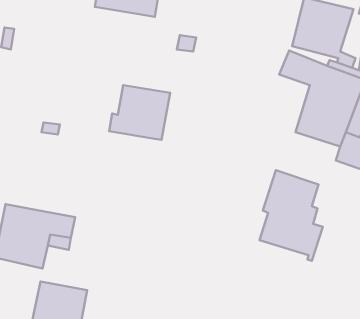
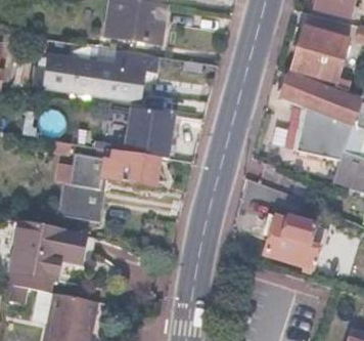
building: none -> [35,49,158,103]
building: none -> [59,148,163,220]

